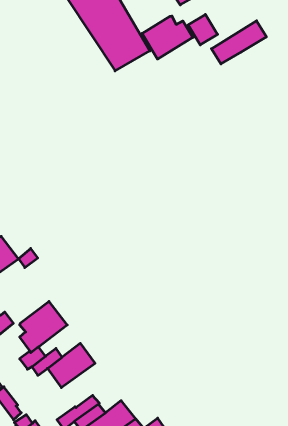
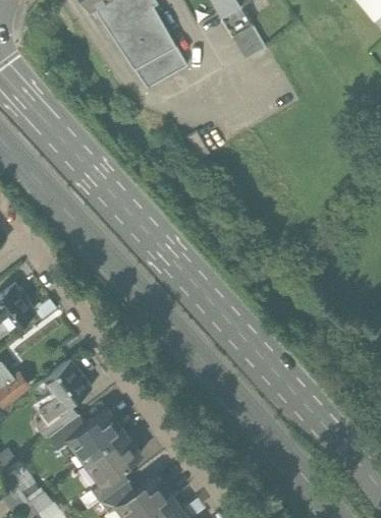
building: [142,16,193,59] -> none
building: [211,21,266,64] -> none
building: none -> [83,431,140,483]

